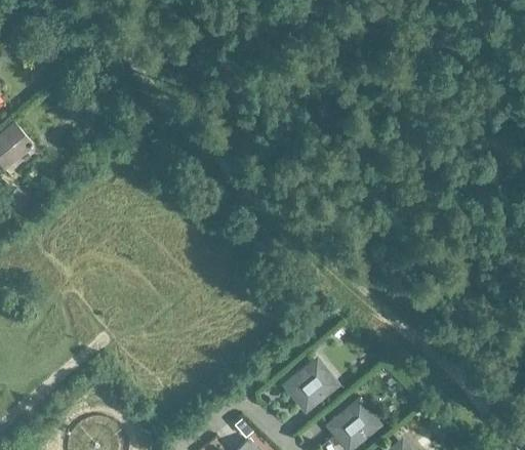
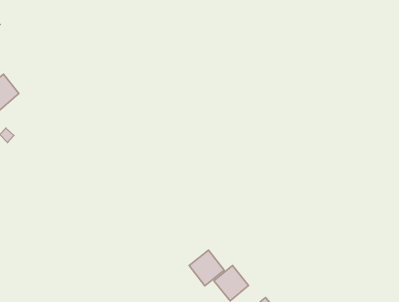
building: none -> [189,250,224,286]

